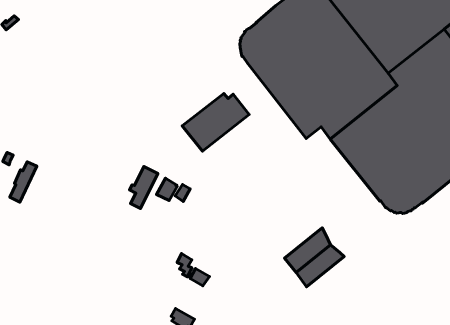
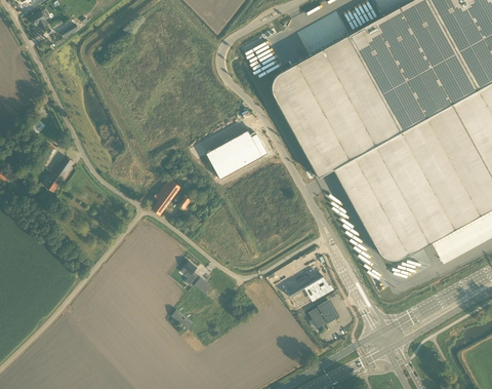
building: none -> [309,301,338,329]

